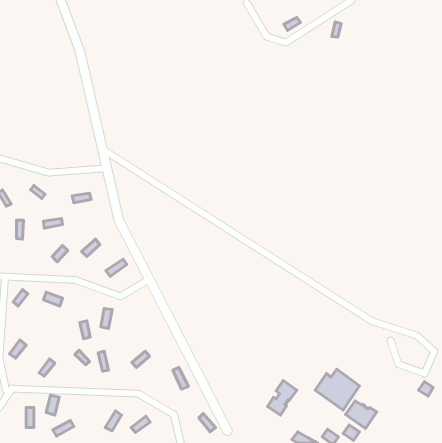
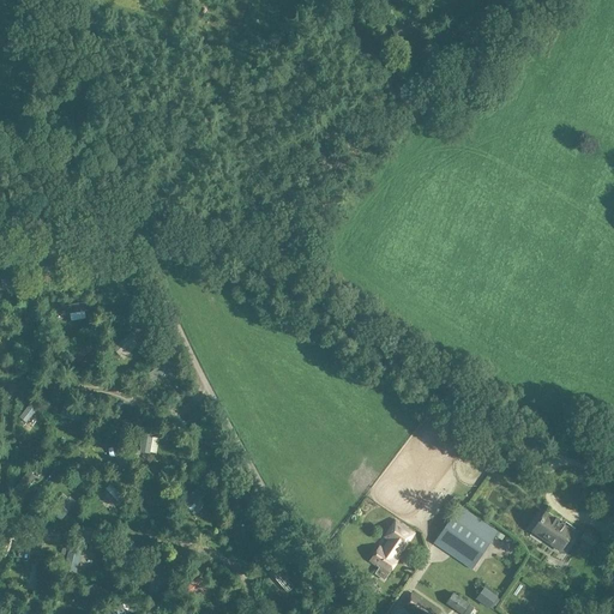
building: [346,401,377,428] -> [530,513,573,552]

